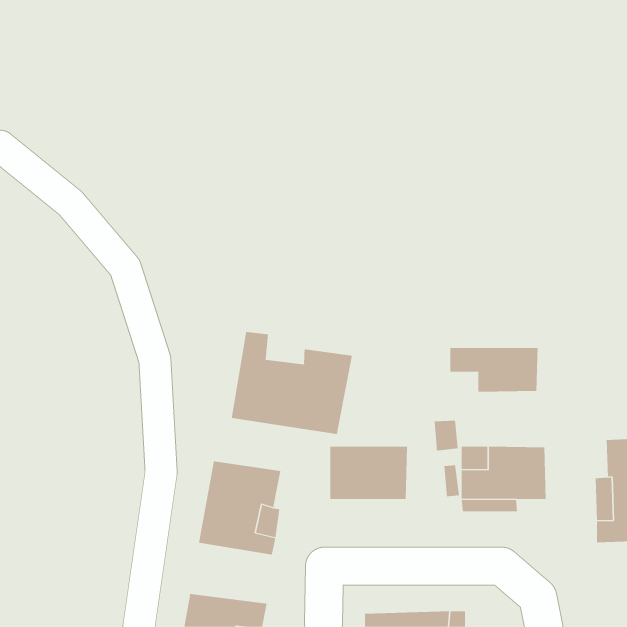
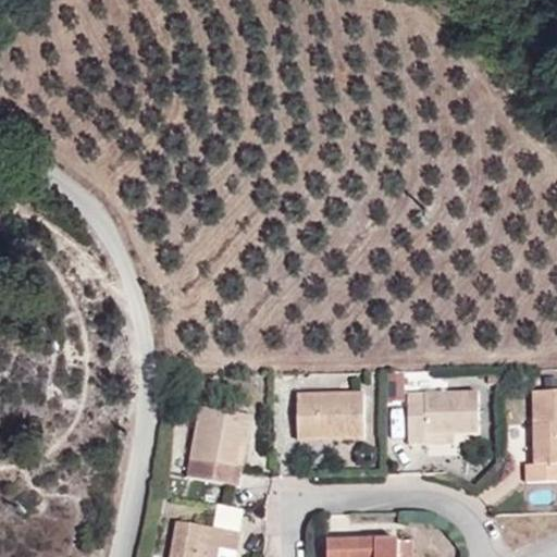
building: [231,331,352,435] -> none
building: [450,347,538,393] -> none

